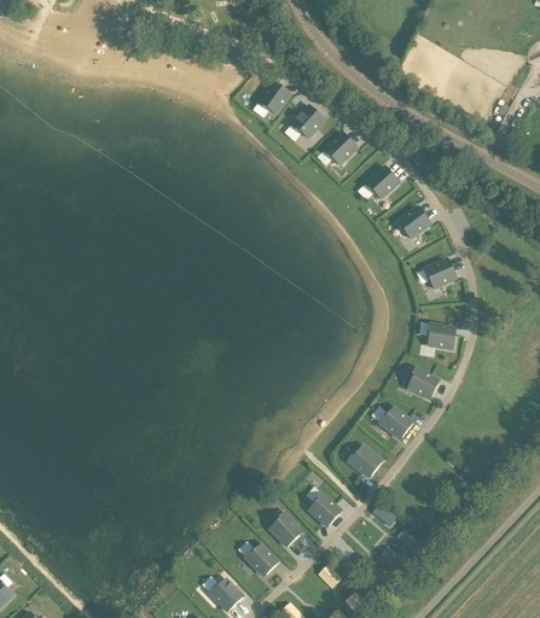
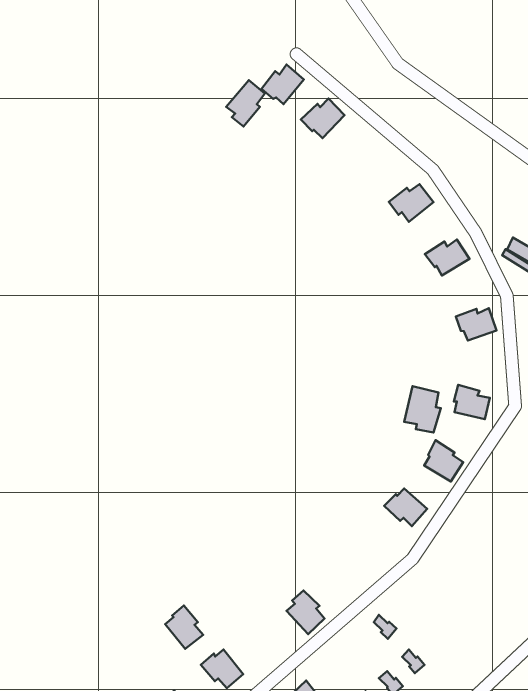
building: none -> [226,80,265,126]
building: [324,134,358,164] -> none
building: none -> [404,386,441,433]
building: [348,444,383,474] -> none
building: [271,512,301,546] -> [165,606,203,649]

